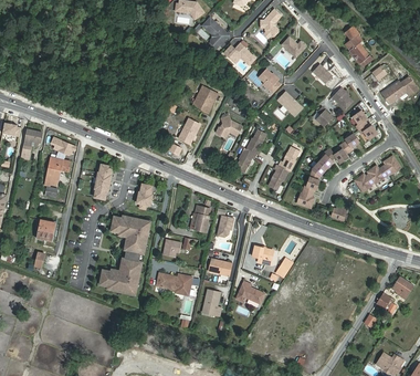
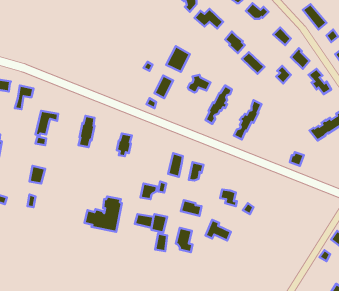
building: [296,134,359,207] -> none
building: [111,216,150,258] -> none

